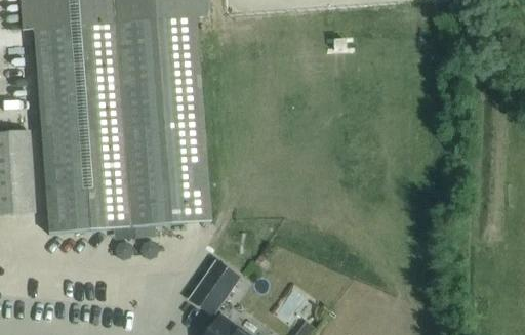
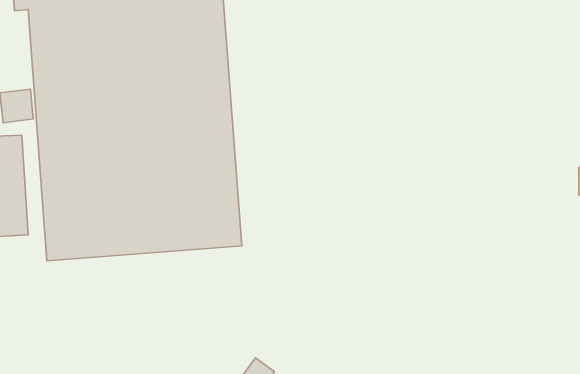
building: [189,259,239,313] -> none

